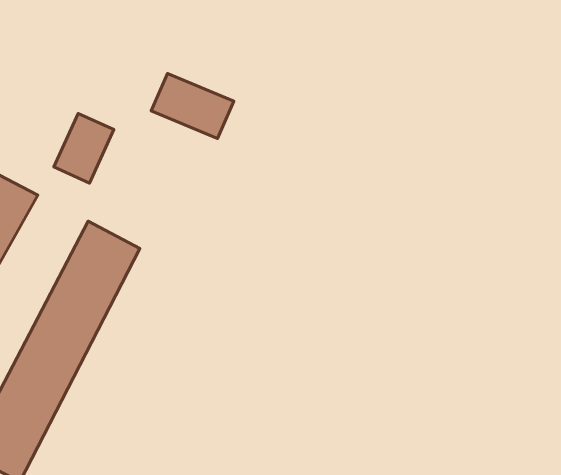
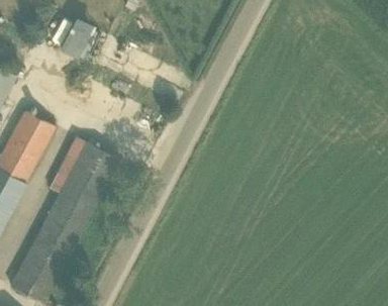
building: [54,113,114,183] -> [63,15,100,59]

